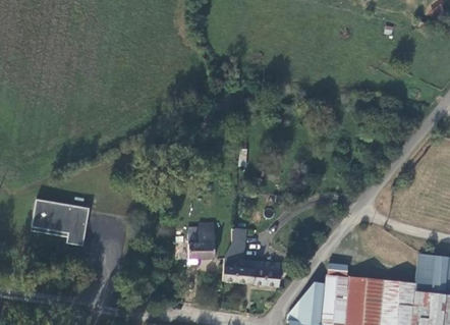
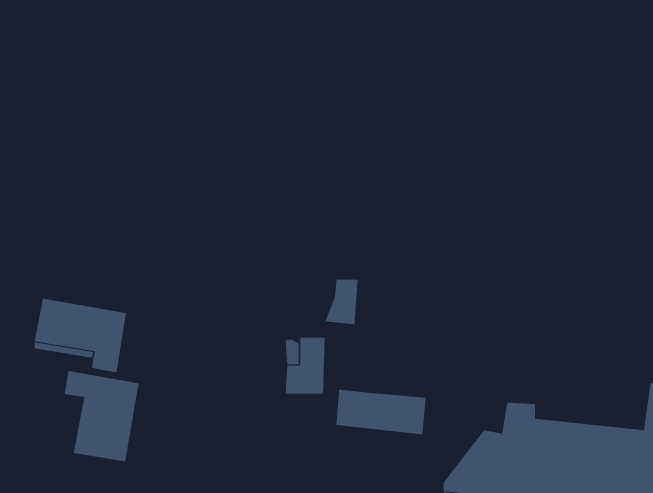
building: [223,230,244,259] -> [324,279,359,325]
building: none -> [64,370,139,462]

